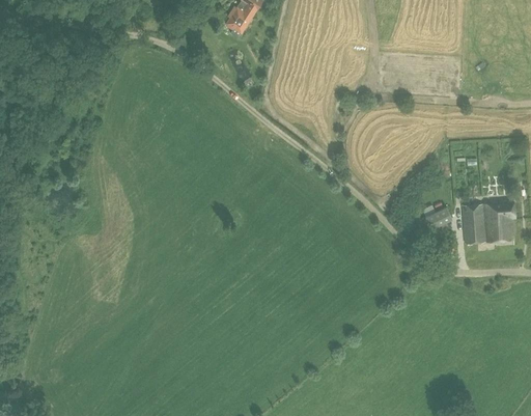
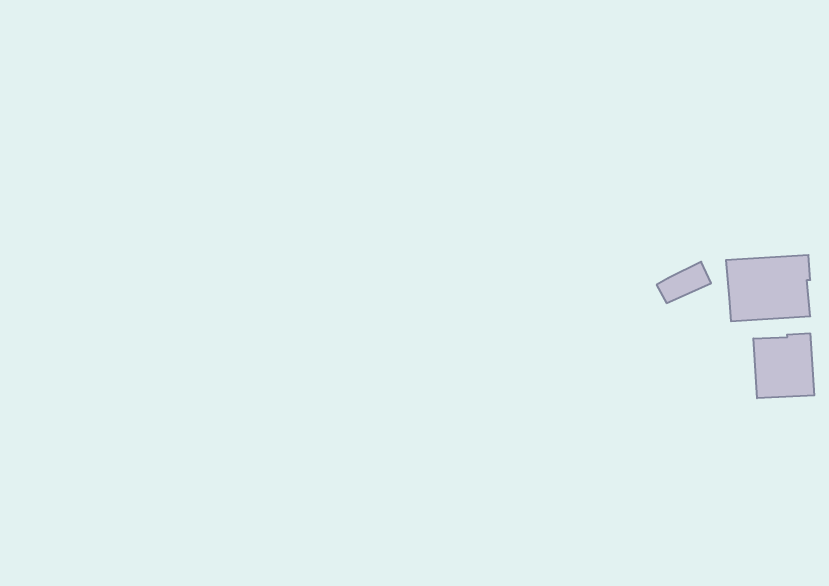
building: none -> [753,333,814,398]

